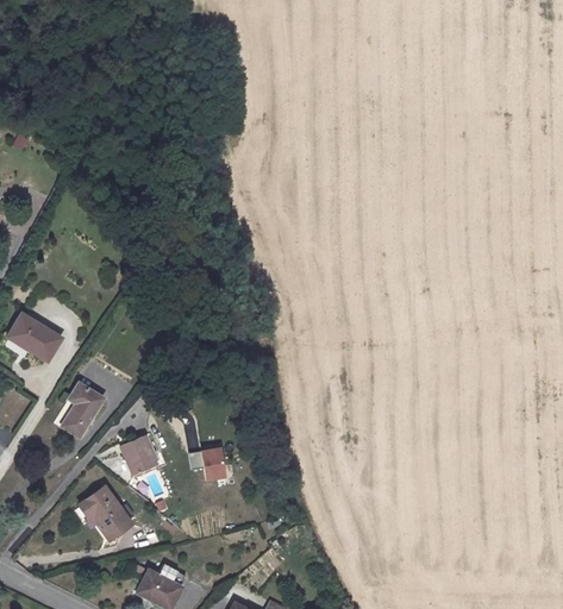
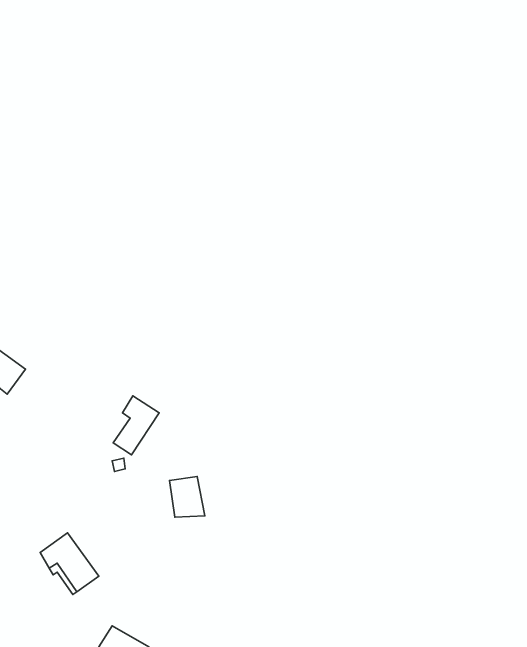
building: [62,384,104,438] -> [113,396,159,455]
building: [119,437,156,477] -> none

